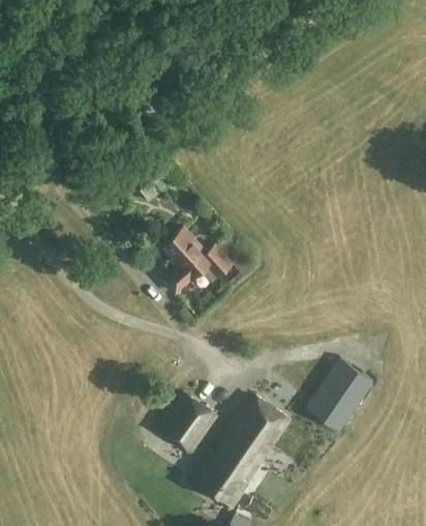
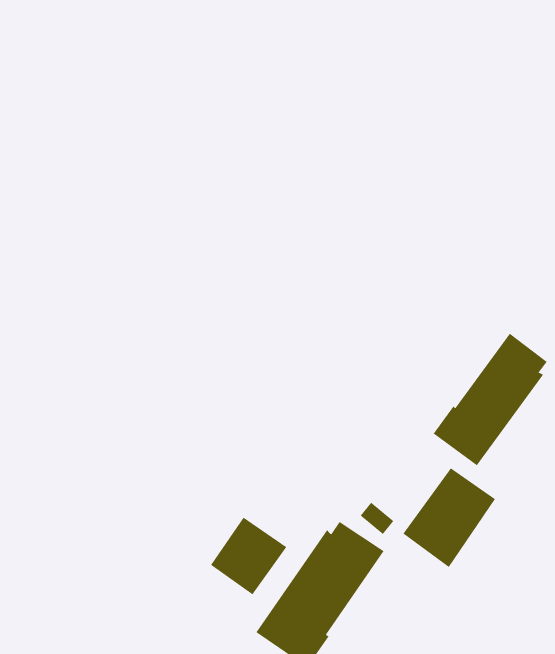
building: [161,228,254,283] -> none
building: none -> [433,333,547,466]

